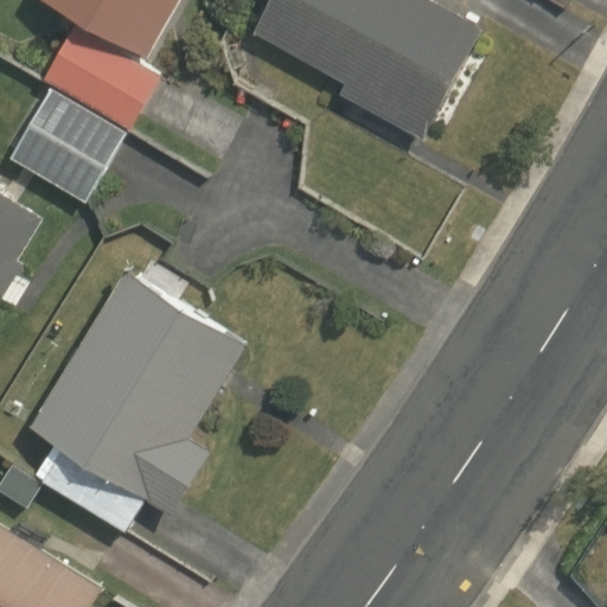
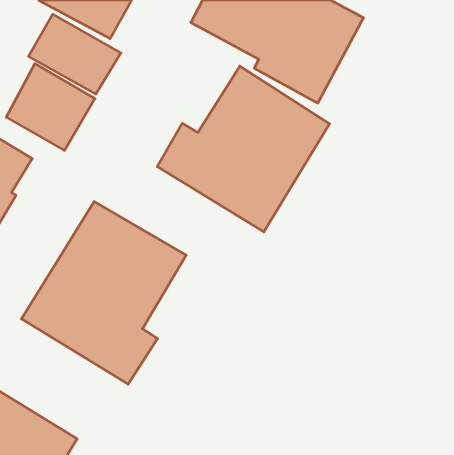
building: none -> [157,66,330,232]

